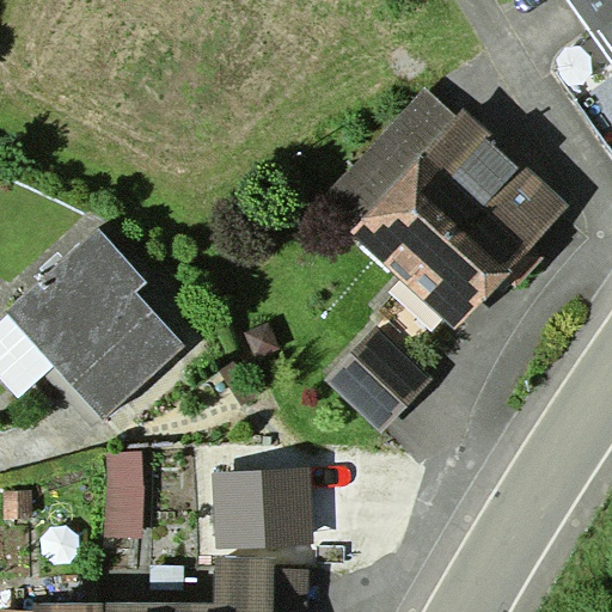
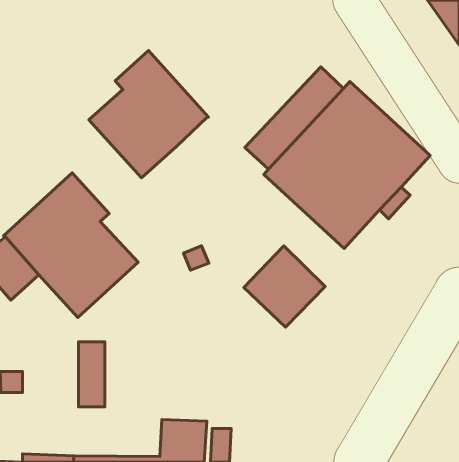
building: none -> [89,50,209,178]
building: [209,466,310,549] -> none

